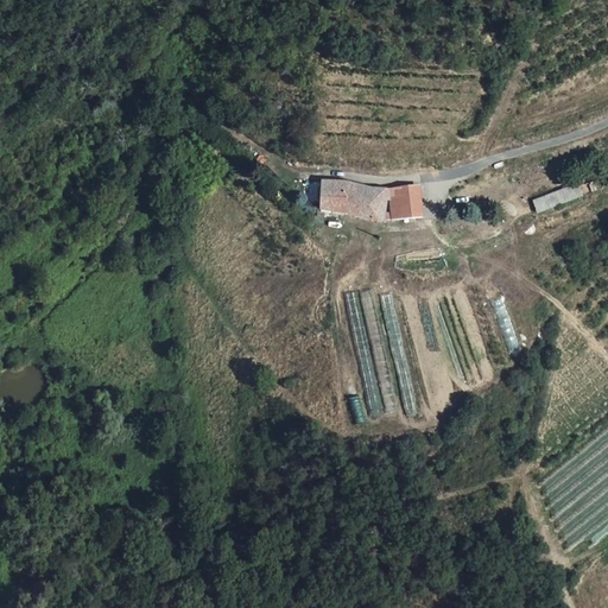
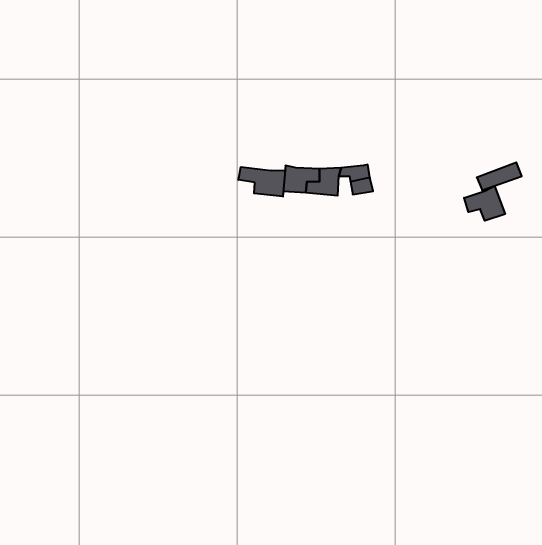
building: none -> [238,167,285,197]
building: none -> [464,186,505,221]

